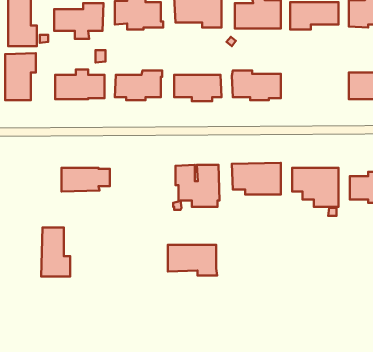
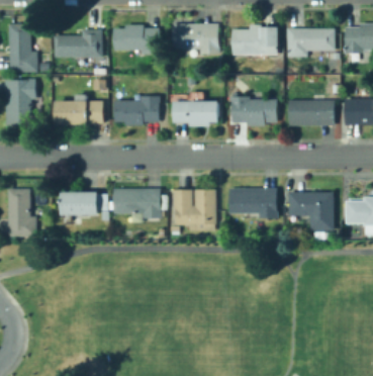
building: none -> [288,99,334,125]
building: [41,227,70,277] -> [7,188,35,237]
building: [168,245,217,276] -> [113,188,162,218]

